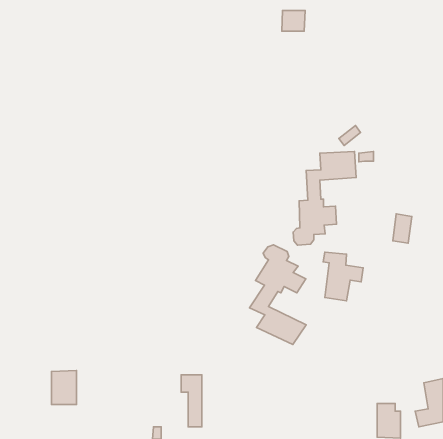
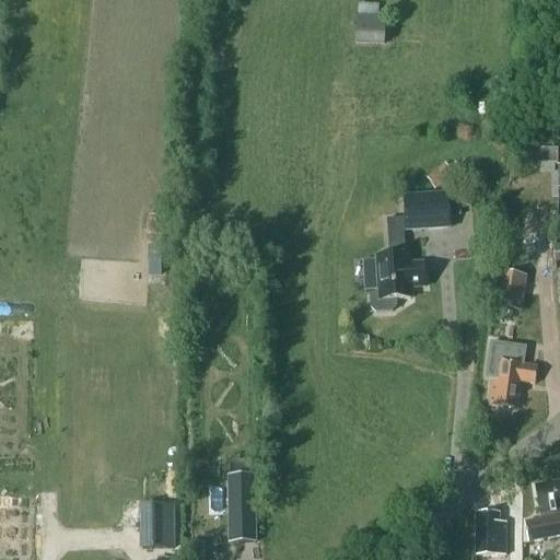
building: [249,245,306,344] -> none
building: [323,252,363,301] -> [487,345,537,406]
building: [51,371,77,404] -> [141,503,173,546]

